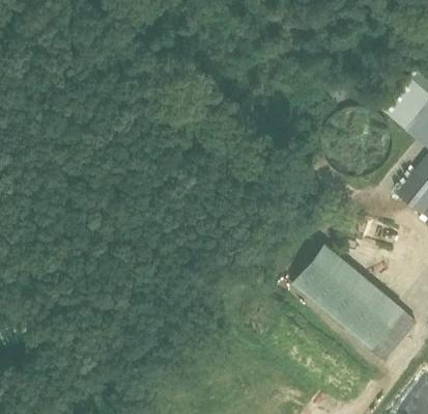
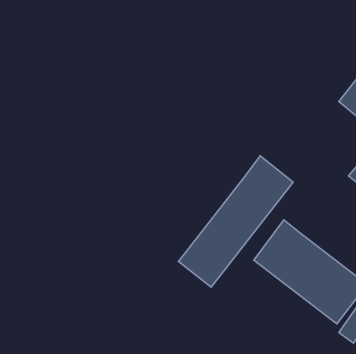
building: none -> [178,156,293,287]

